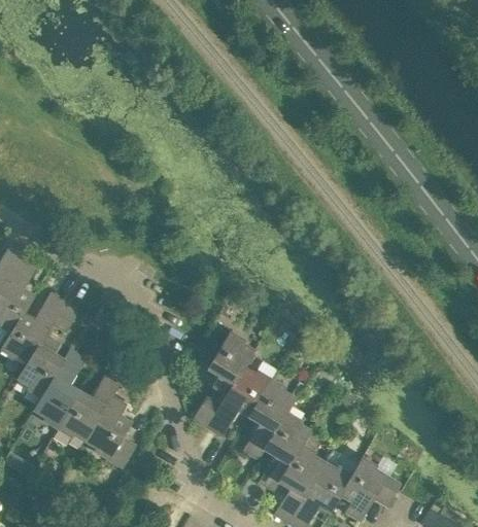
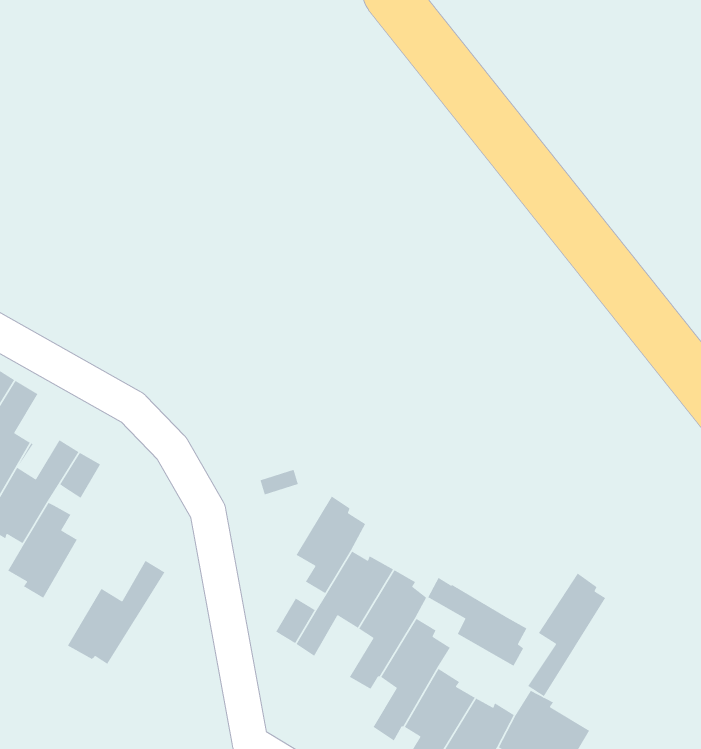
building: [33,350,84,429] -> none
building: [83,381,136,468] -> none
building: none -> [527,573,606,697]
building: none -> [427,577,527,667]

